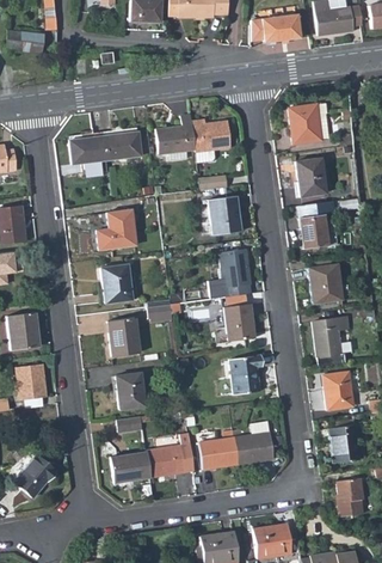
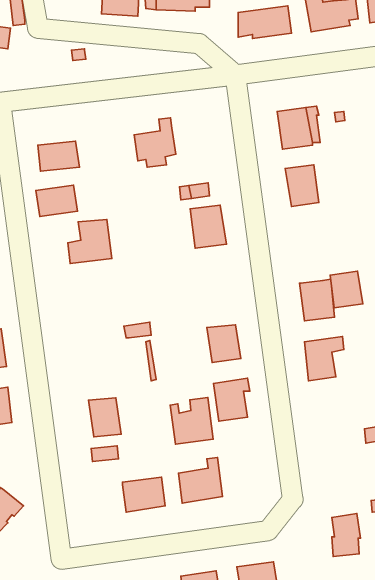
building: [192,121,232,165] -> none
building: [104,133,142,161] -> [36,185,77,216]
building: [300,212,329,245] -> [330,271,363,308]
building: [205,247,249,296] -> none
building: [99,264,133,305] -> none
building: [109,318,140,356] -> none
building: [326,371,355,410] -> none
building: [234,421,273,464] -> [170,397,213,444]
building: [329,424,361,463] -> none
building: [112,453,150,483] -> none

